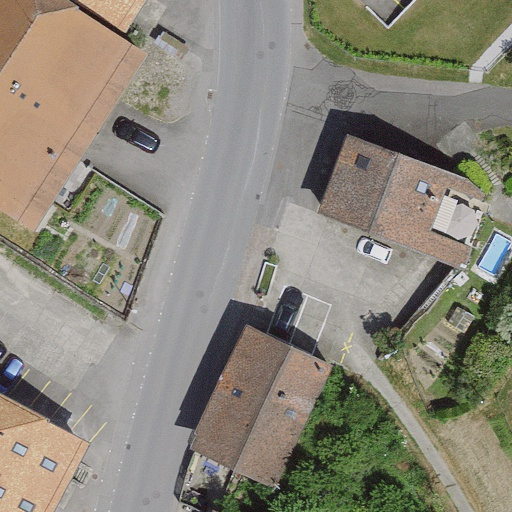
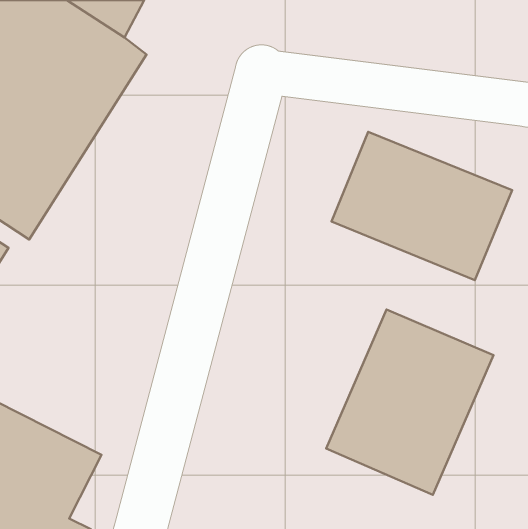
building: none -> [326,310,494,495]
building: [187,327,329,487] -> none

